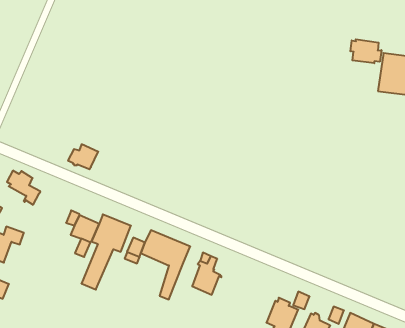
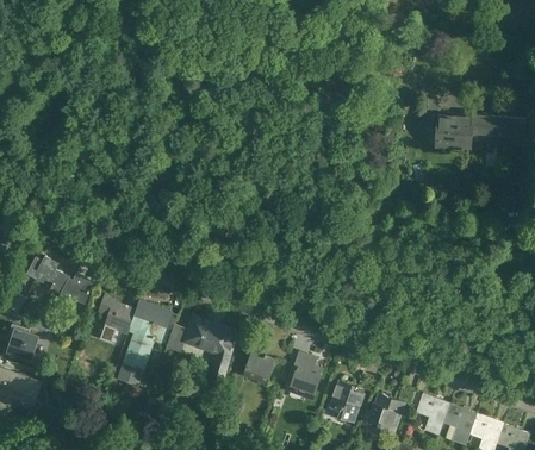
building: [350,39,381,63] -> none
building: [68,144,98,169] -> [60,276,93,304]
building: none -> [287,352,321,399]

